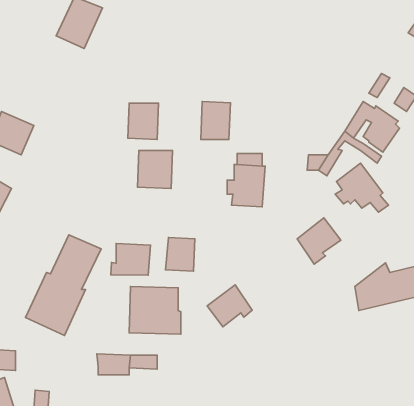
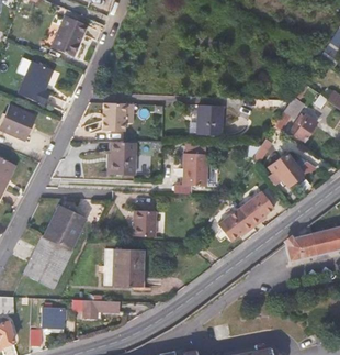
building: none -> [18,65,53,108]
building: [201,102,230,139] -> [204,104,227,134]
building: [111,243,151,275] -> none
building: [207,285,252,327] -> [217,208,252,241]
building: none -> [43,304,65,325]

